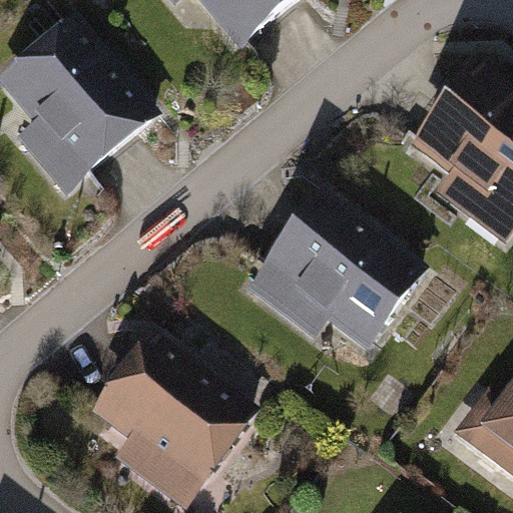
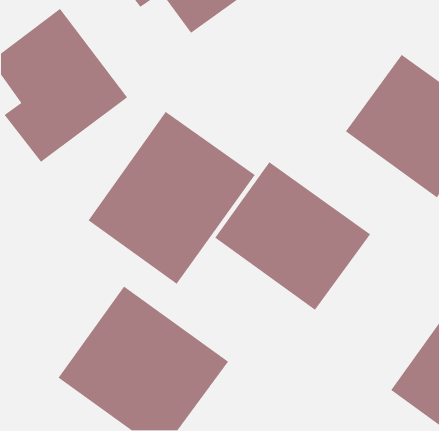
building: none -> [88,111,256,285]

